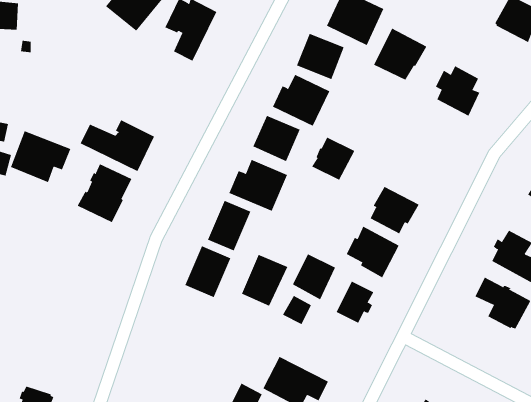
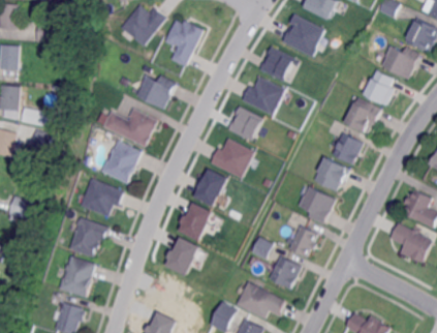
building: [373,28,427,80] -> [343,96,382,134]
building: none -> [381,46,420,80]
building: none -> [135,69,176,110]
building: [10,130,71,183] -> [82,177,126,215]
building: [311,137,355,181] -> [332,132,364,164]
building: [292,253,336,300] -> [269,255,301,290]
building: [241,254,288,306] -> [166,236,200,274]
building: none -> [69,217,106,258]
building: none -> [58,255,95,298]

